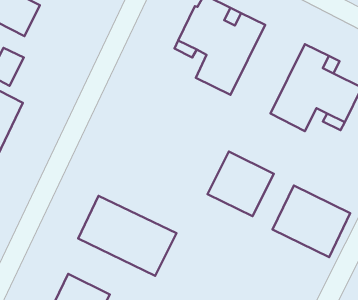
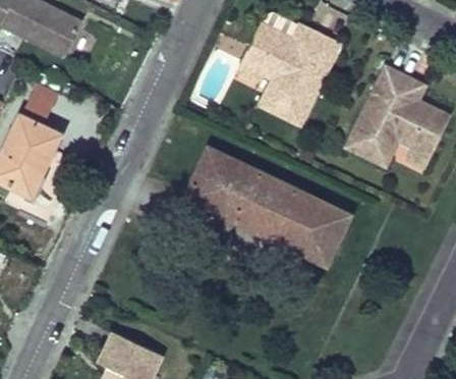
building: [273,186,350,257] -> none
building: [78,196,176,276] -> [185,148,298,239]

